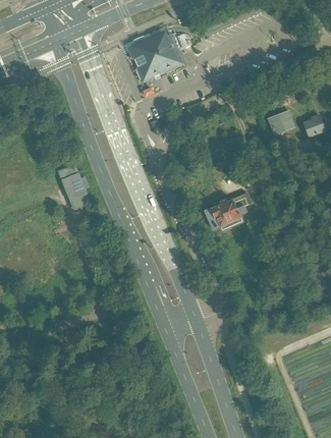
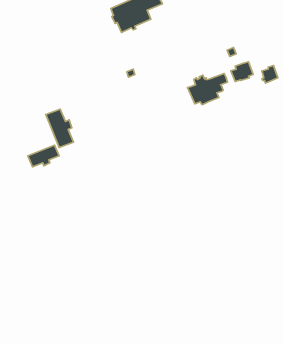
building: [206,194,252,229] -> [188,73,228,105]
building: none -> [28,145,59,167]

